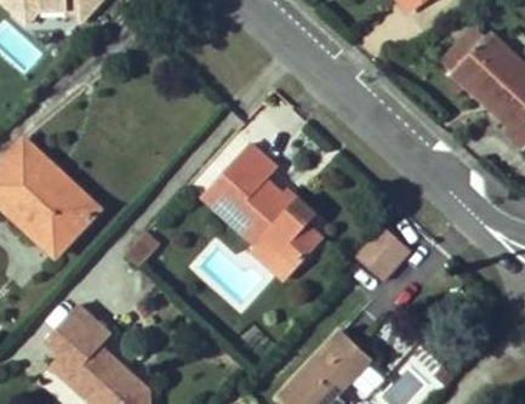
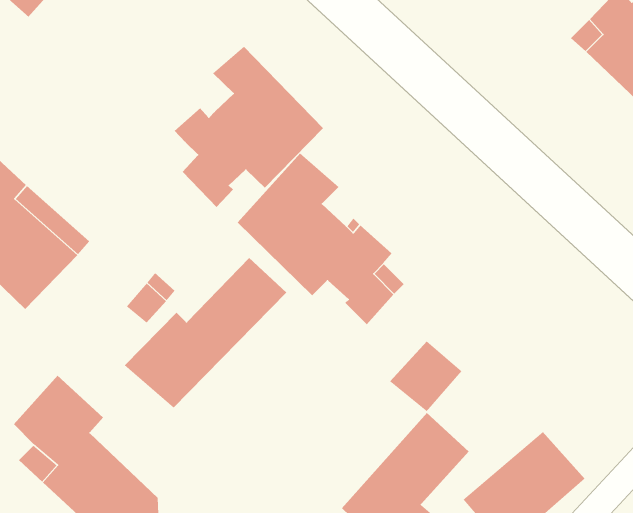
building: none -> [174,46,324,208]
building: none -> [124,257,287,409]
building: [354,224,406,275] -> [389,341,463,412]

